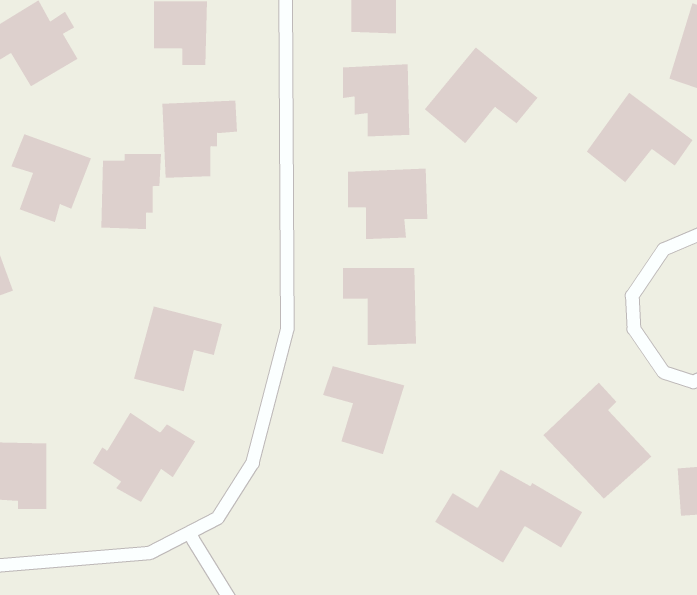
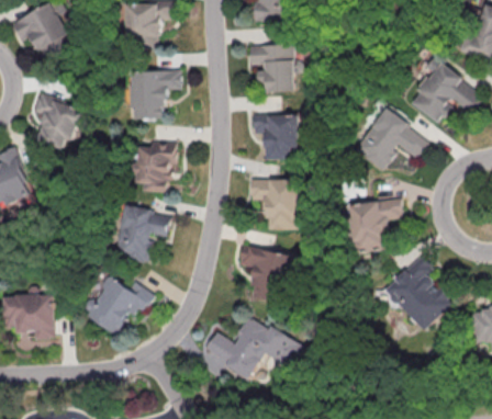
building: [424,46,538,144] -> [354,107,429,172]
building: [101,153,162,230] -> [134,141,175,192]
building: none -> [349,197,402,252]
building: [434,469,583,563] -> [203,316,302,378]

